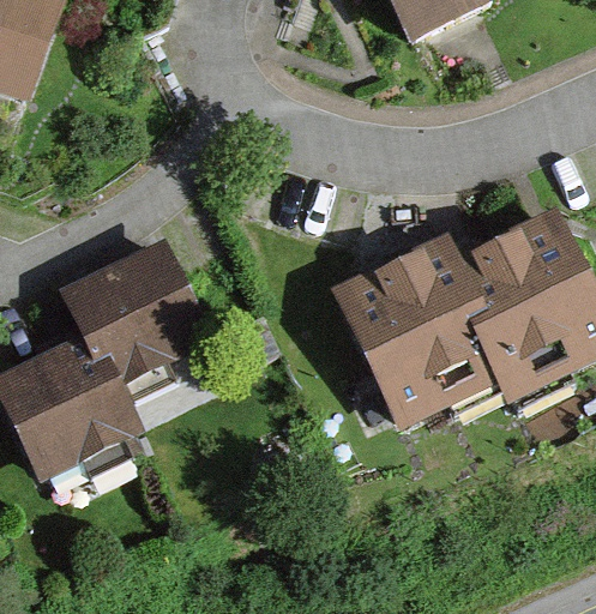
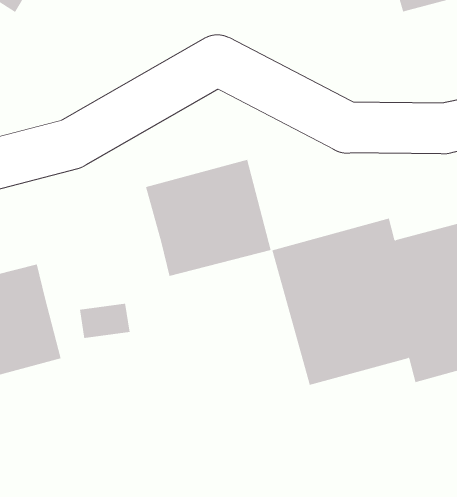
building: [68,243,209,377] -> [145,159,272,276]

